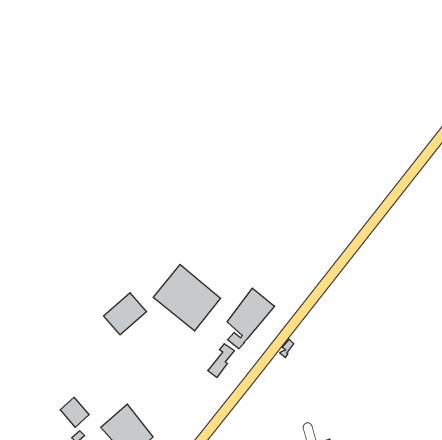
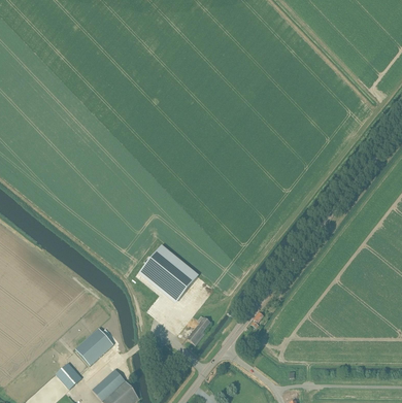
building: [227,288,275,349] -> none
building: [104,293,147,335] -> [75,328,113,365]

